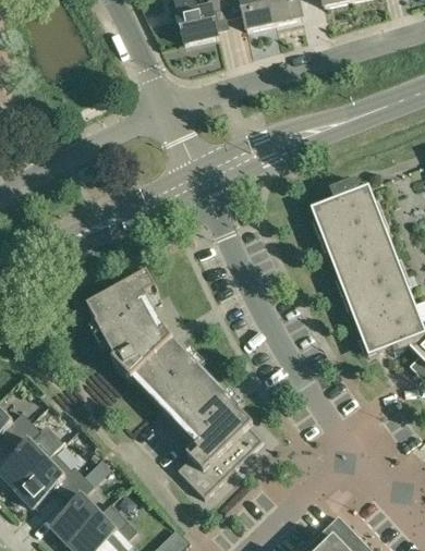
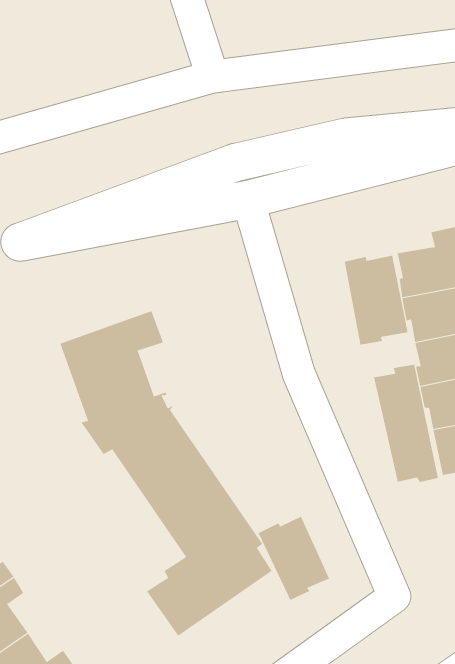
building: none -> [344,255,408,346]
building: none -> [373,364,439,483]
building: none -> [258,516,330,601]

